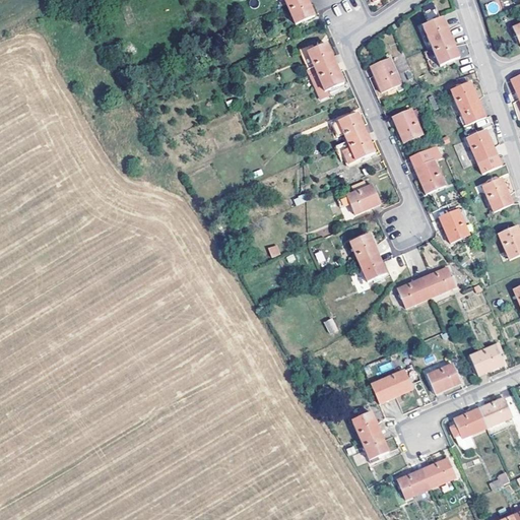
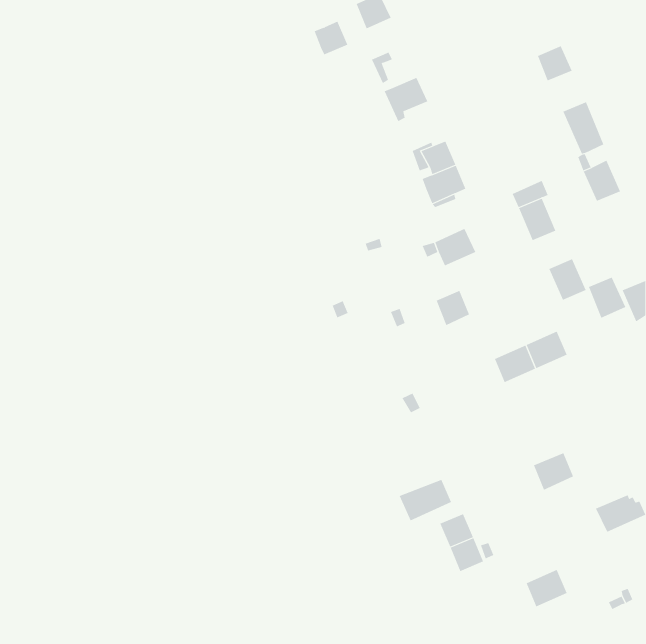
building: [422,17,450,45] -> none
building: [307,43,334,70] -> [314,21,348,55]
building: [371,58,400,90] -> none
building: [393,108,424,141] -> none
building: [483,177,514,210] -> [588,277,626,319]
building: [358,252,386,280] -> none
building: [469,344,503,375] -> none
building: [370,369,412,402] -> [399,479,452,521]
building: [449,407,486,448] -> none
building: [396,467,430,497] -> none

